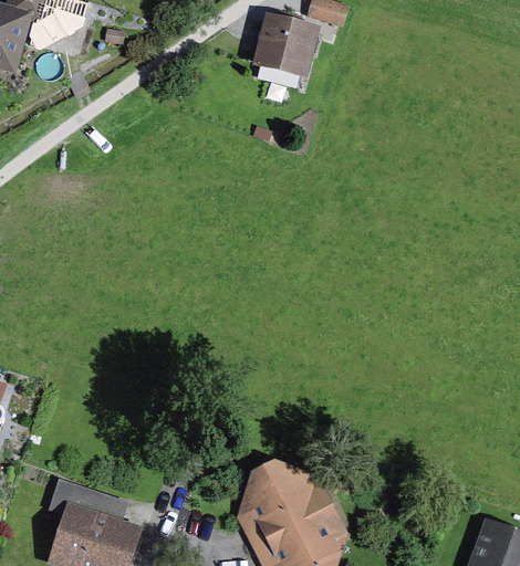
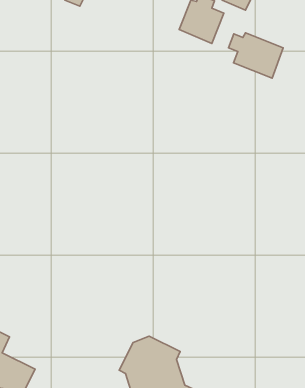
building: none -> [229,33,283,78]

